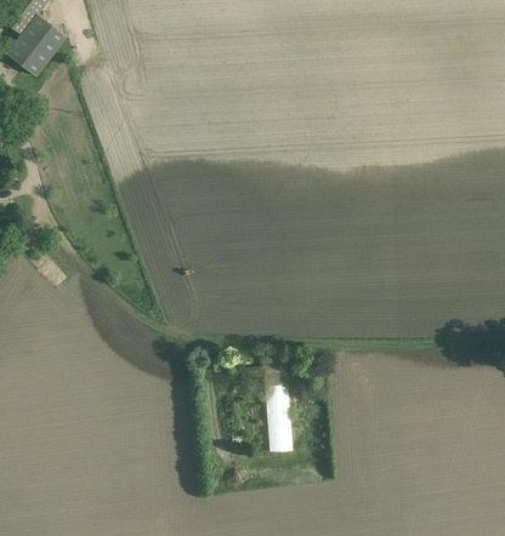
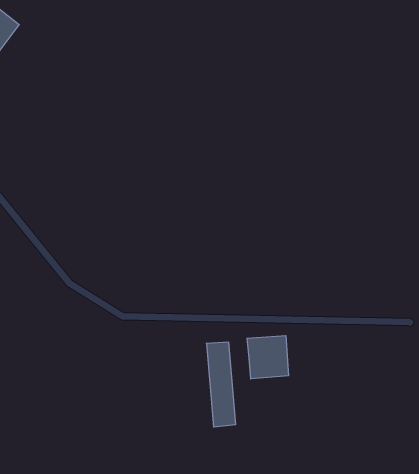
building: none -> [247,336,288,379]

